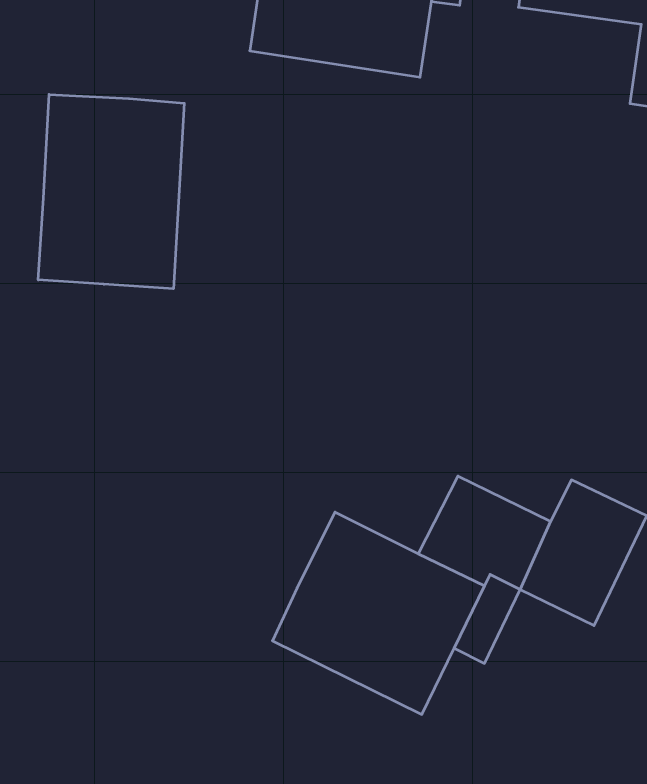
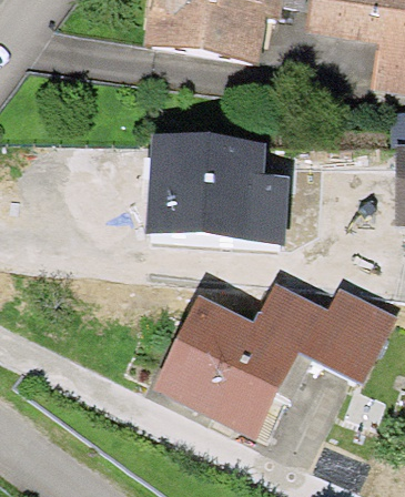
building: [38,94,184,289] -> none
building: none -> [152,144,281,241]

